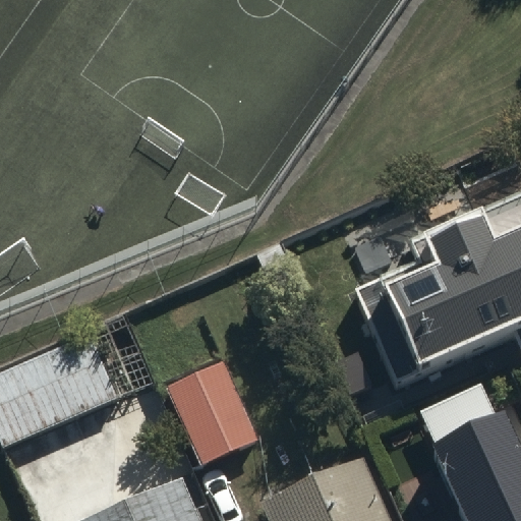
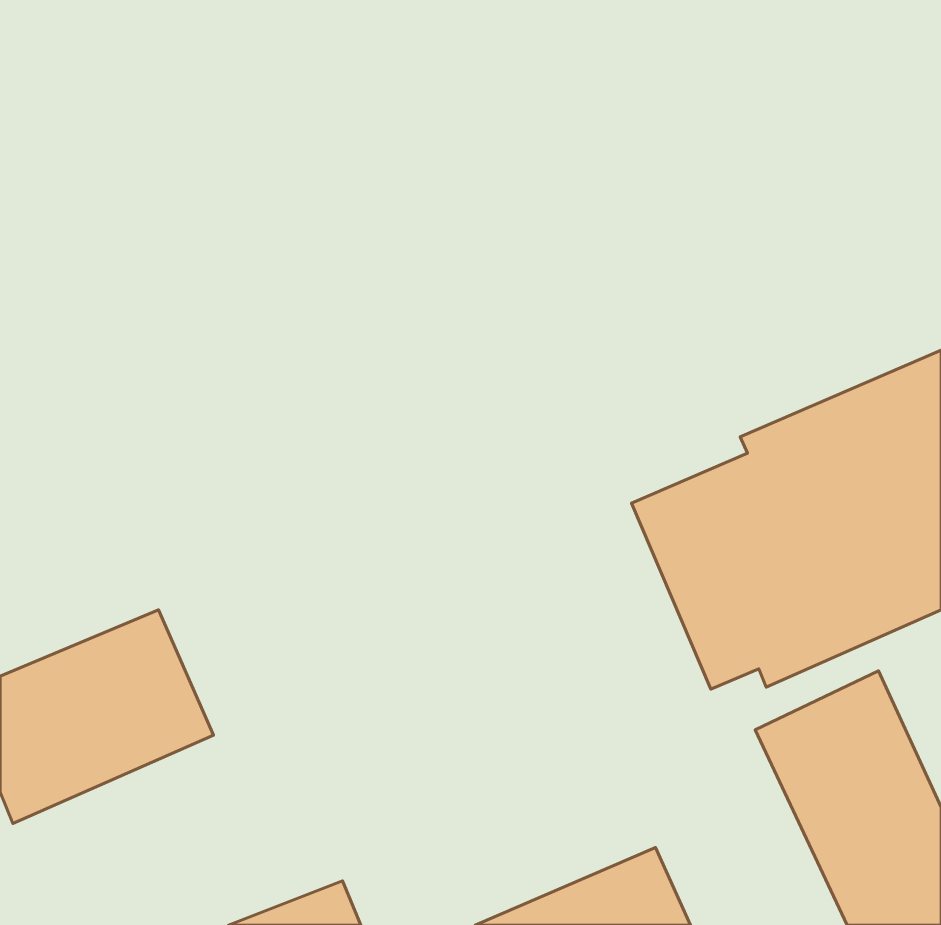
building: [166,361,262,473] -> none

